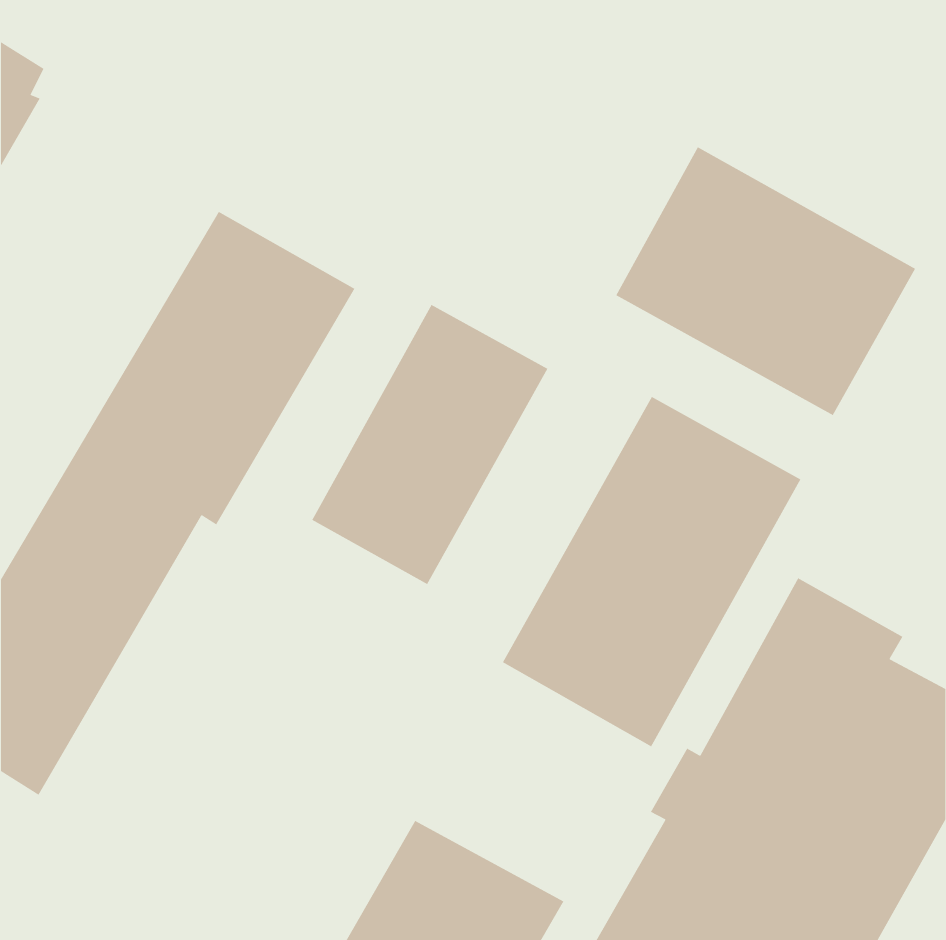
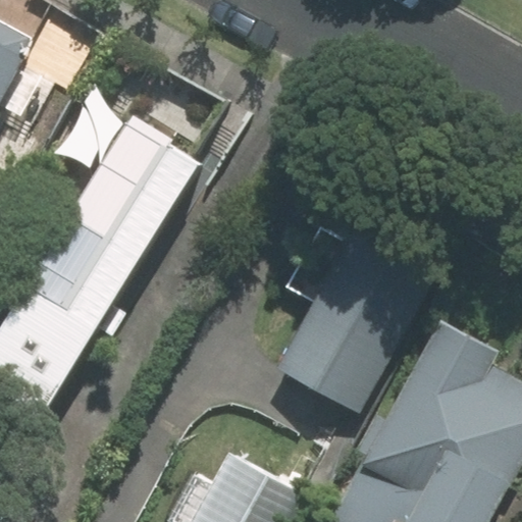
building: [615,146,916,416] -> none
building: [311,304,549,585] -> none

